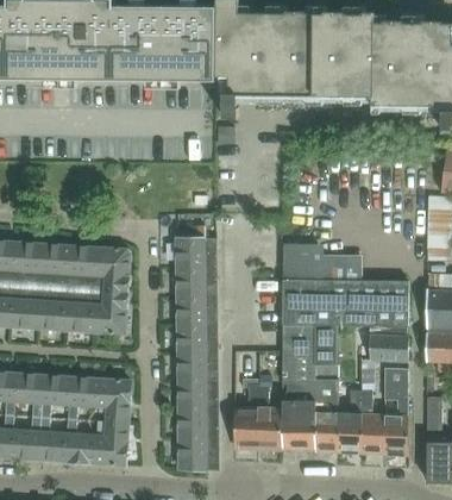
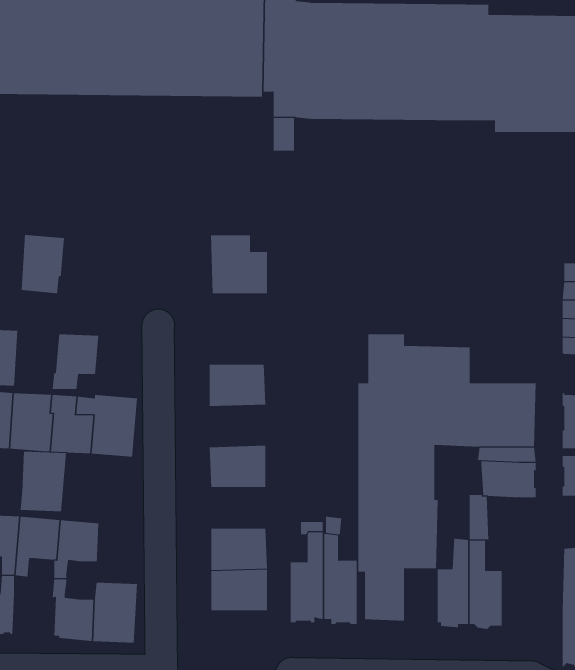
building: [175,226,215,268] -> [210,235,268,294]
building: [39,244,70,286] -> [21,235,65,294]
building: [83,248,128,292] -> none
building: [176,296,216,326] -> none
building: [177,355,216,383] -> none
building: [383,368,407,456] -> none
building: [96,380,130,423] -> [20,451,67,512]
building: [314,412,337,450] -> none
building: [38,417,68,461] -> none
building: [177,442,218,471] -> none

